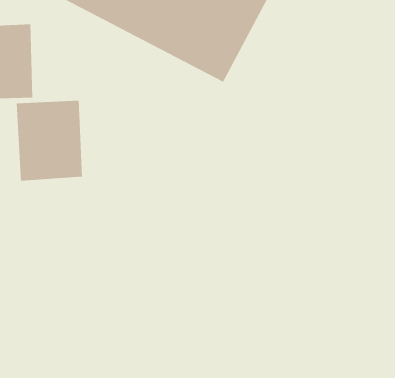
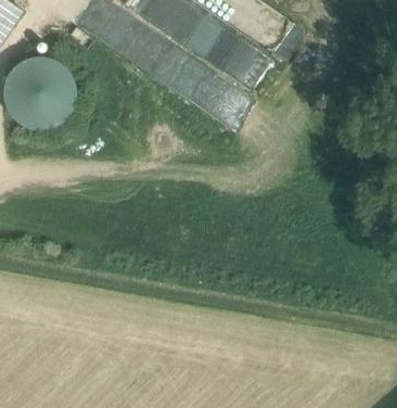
building: [16,100,83,181] -> none

